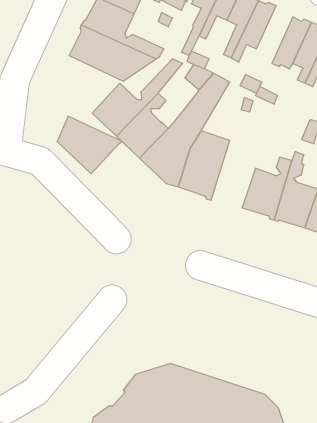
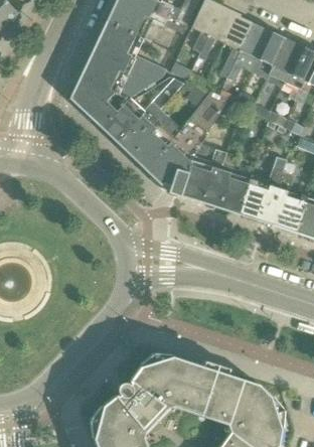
building: none -> [250,30,285,83]
building: [57,116,122,174] -> [70,76,130,128]
building: none -> [210,153,251,214]

